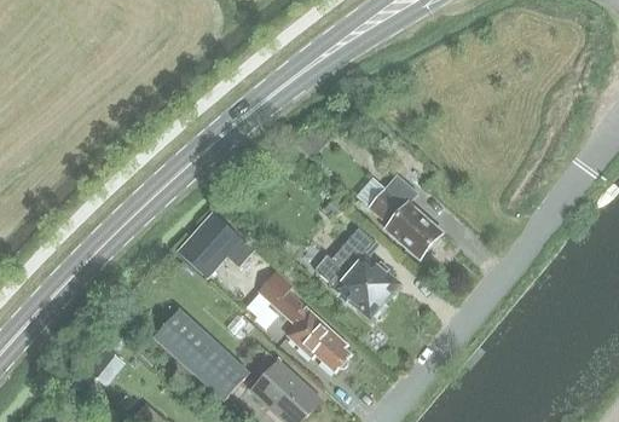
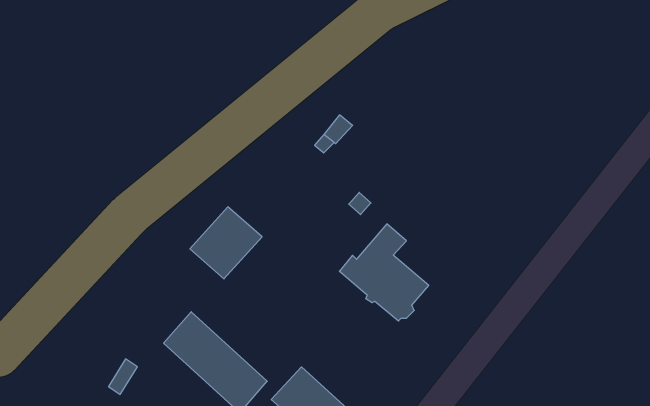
building: [366,177,441,259] -> none
building: [258,271,349,372] -> none

